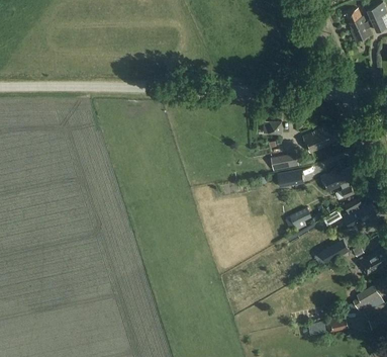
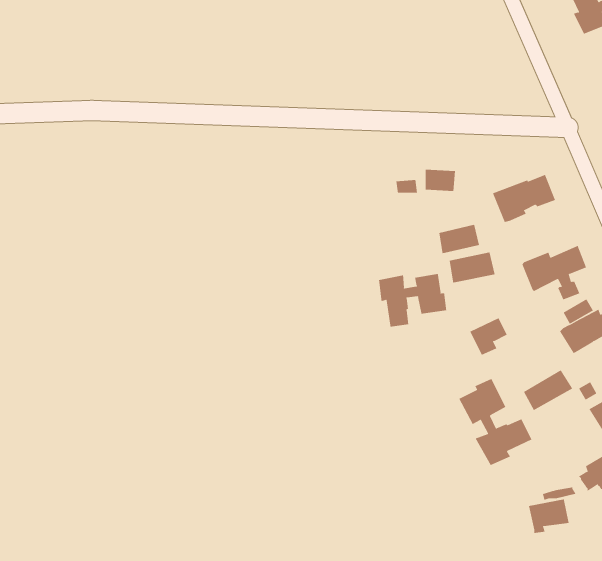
building: none -> [379,273,447,328]
building: none -> [458,378,532,466]

